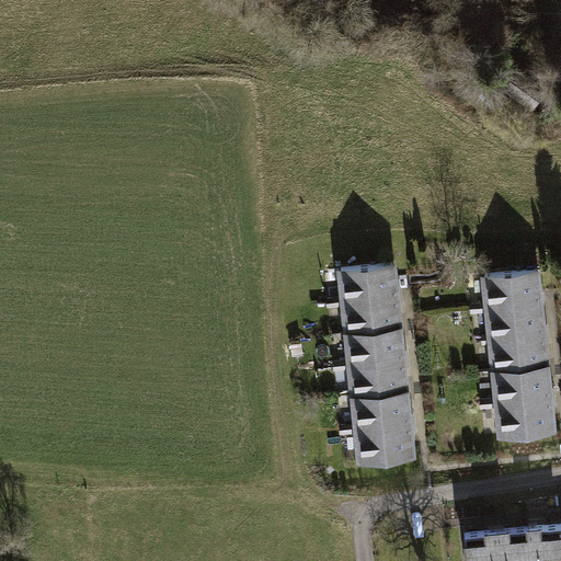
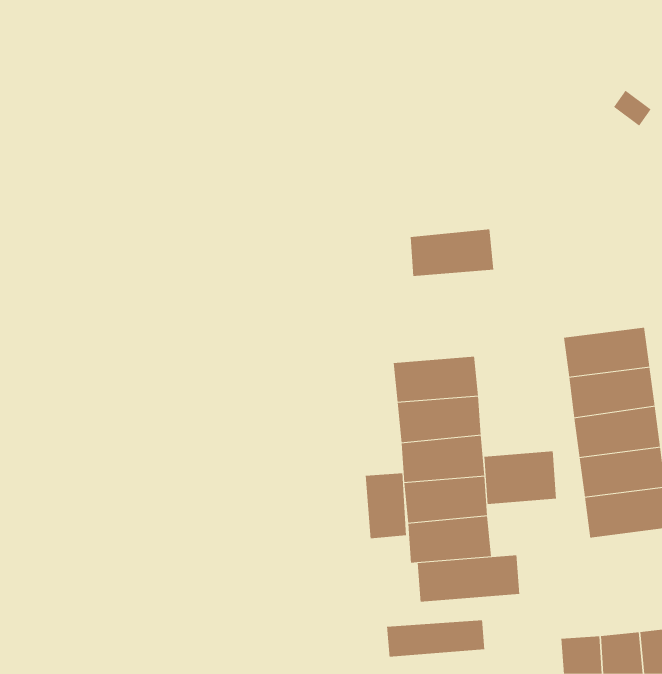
building: [334,262,404,301] -> [410,229,494,276]
building: none -> [484,451,557,505]
building: none -> [365,472,407,539]
building: none -> [417,555,520,602]
building: none -> [387,619,485,658]

